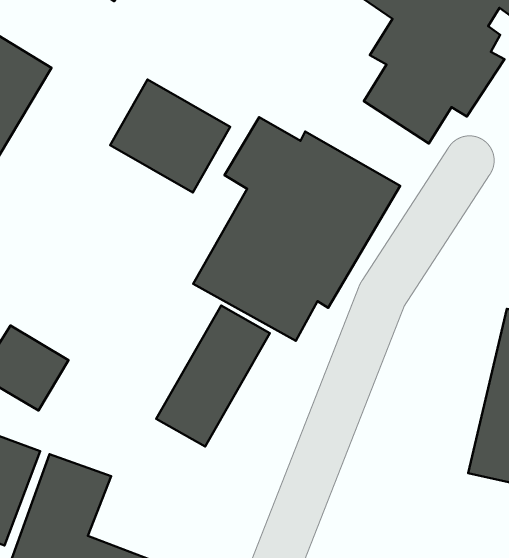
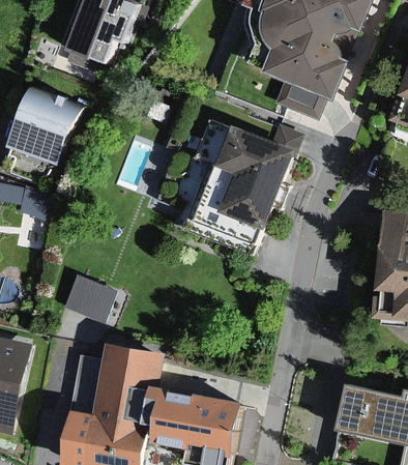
building: [110,79,230,193] -> none
building: [156,305,270,447] -> none

